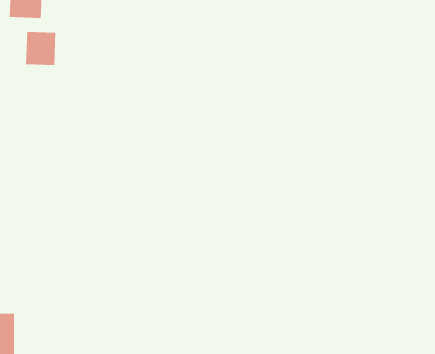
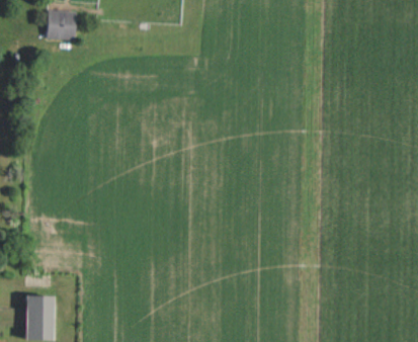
building: [25,31,56,66] -> none

